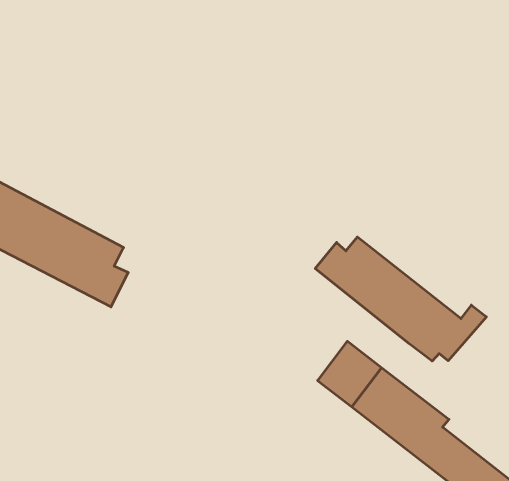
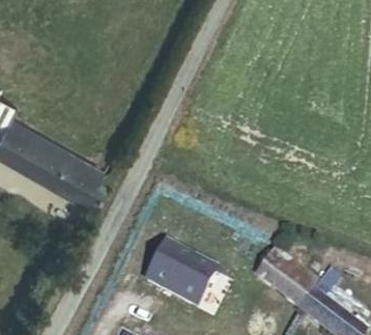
building: [315,237,486,361] -> none
building: none -> [143,245,213,308]

